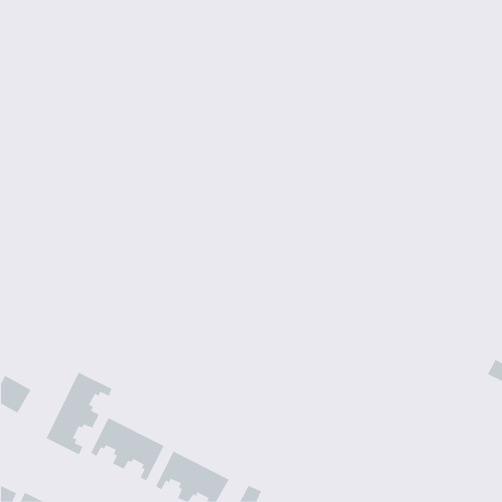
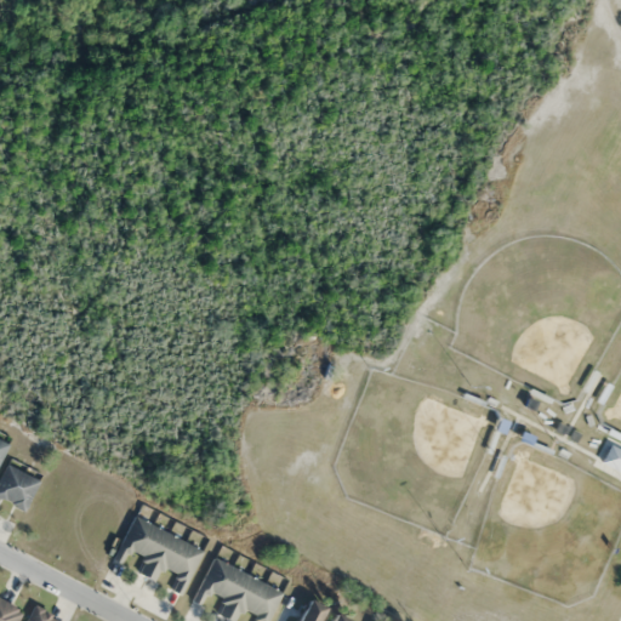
building: [46,372,112,455] -> none

